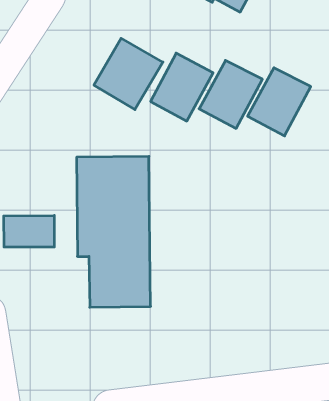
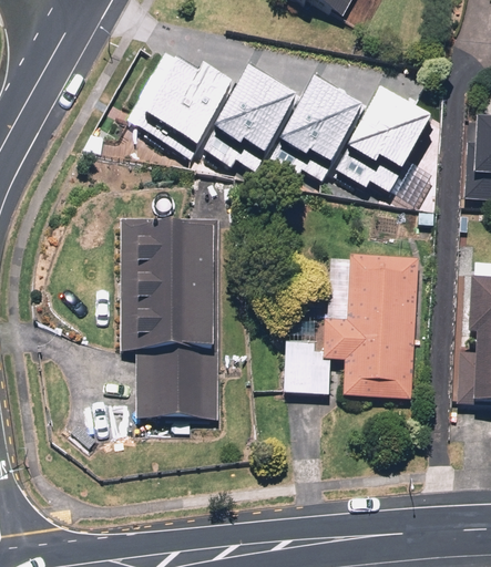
building: none -> [283,250,418,401]
building: [4,215,54,247] -> none

